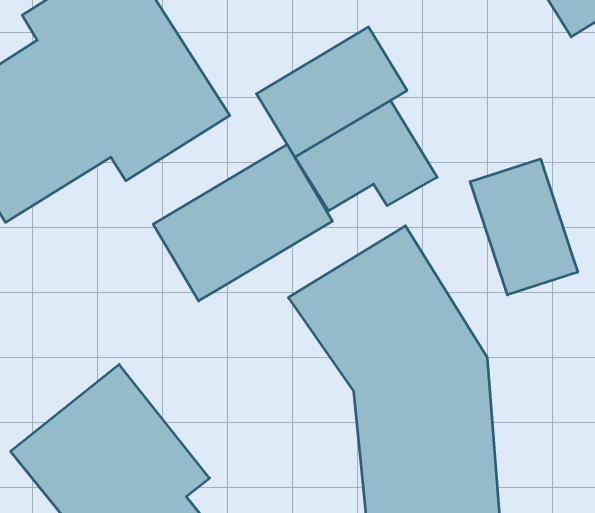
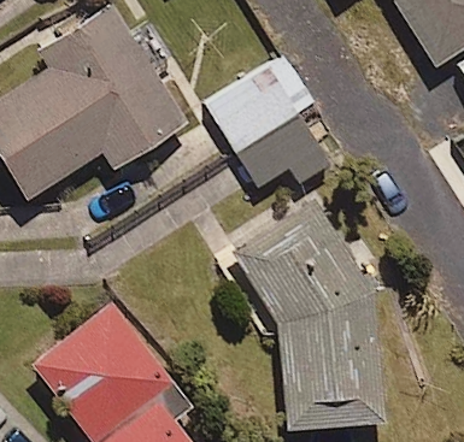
building: [153,144,332,301] -> none
building: [470,159,578,295] -> none

